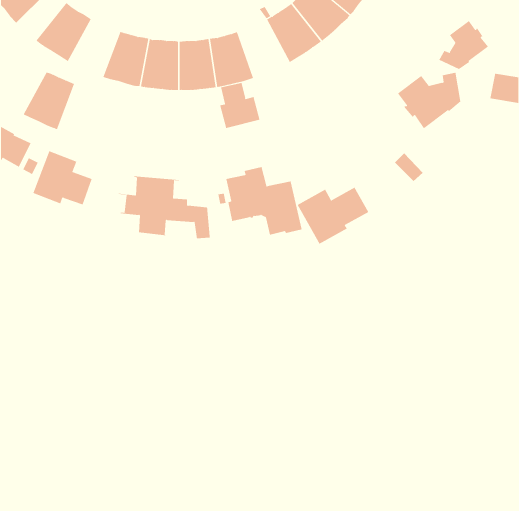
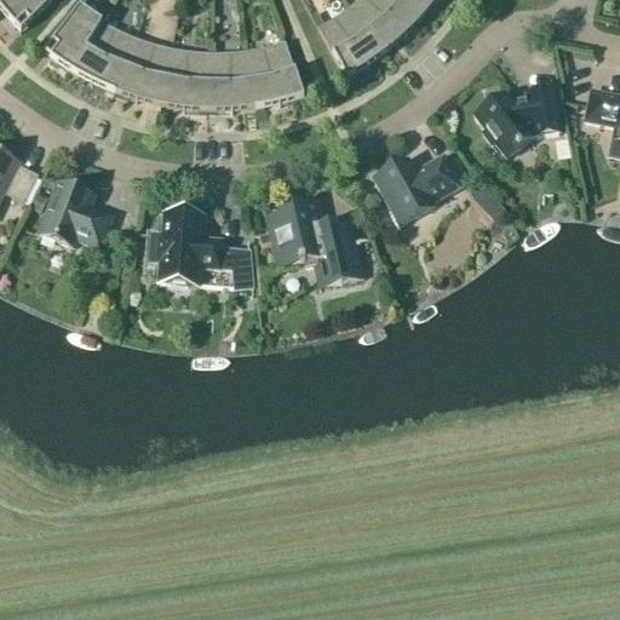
building: [439,20,489,70] -> none
building: [23,72,75,130] -> [81,23,143,92]
building: [219,82,260,129] -> none
building: [297,187,369,245] -> [373,153,459,222]

